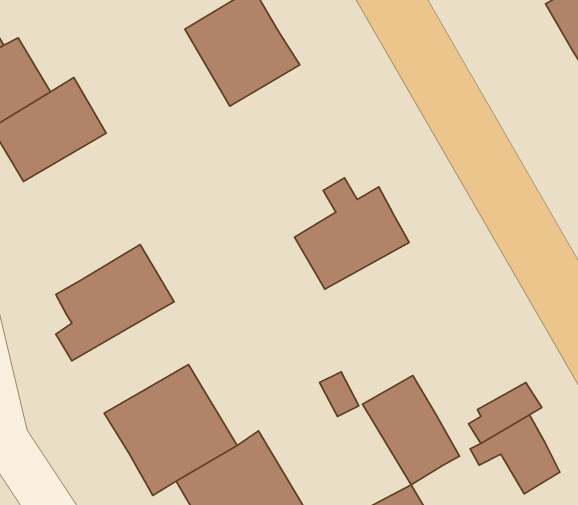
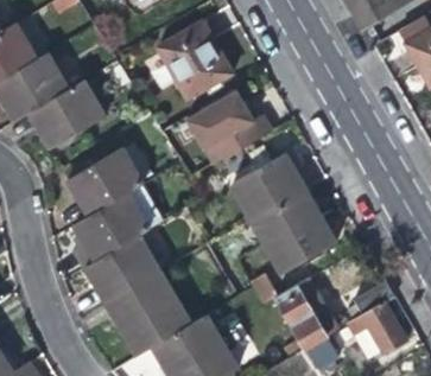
building: none -> [183,88,271,167]
building: none -> [69,141,153,214]
building: none -> [251,189,337,274]
building: none -> [83,234,160,301]

